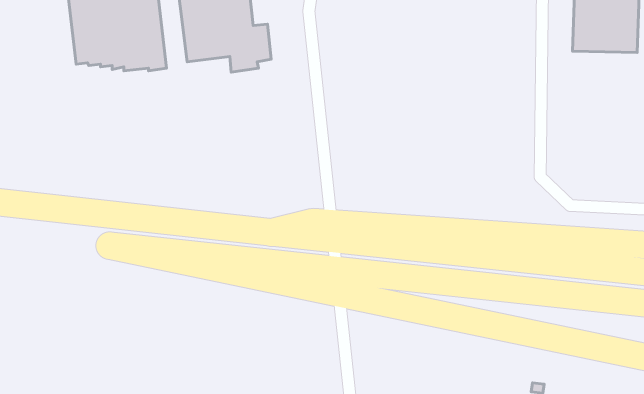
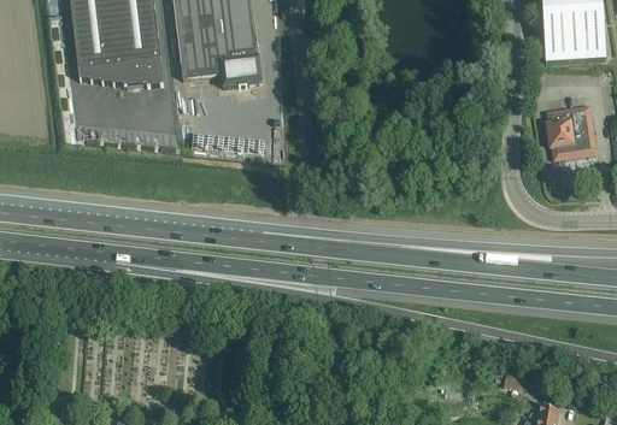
building: none -> [547,107,597,161]

